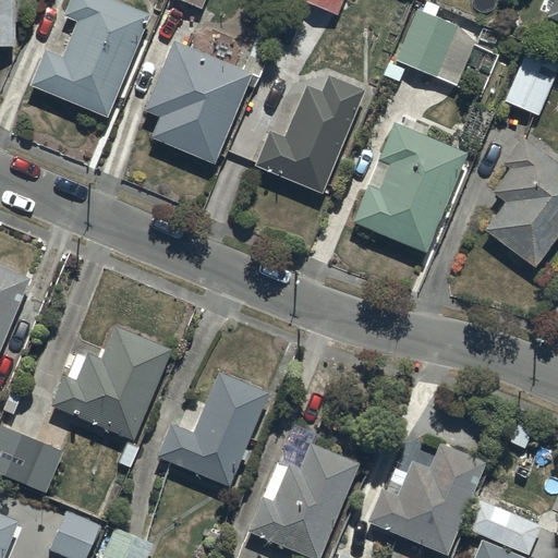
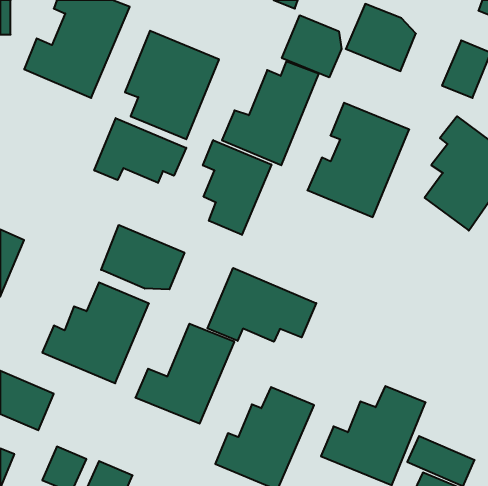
building: none -> [282,15,341,77]
building: none -> [94,118,186,183]
building: none -> [203,140,271,235]
building: none -> [101,225,184,289]
building: none -> [207,268,316,342]

